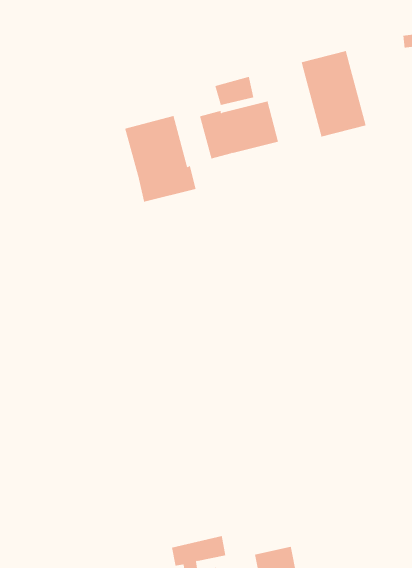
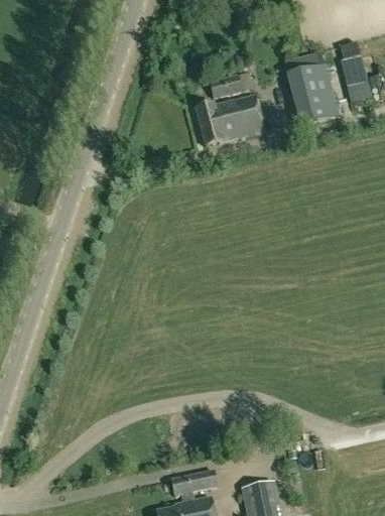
building: none -> [343,55,372,107]
building: [125,115,196,203] -> none

